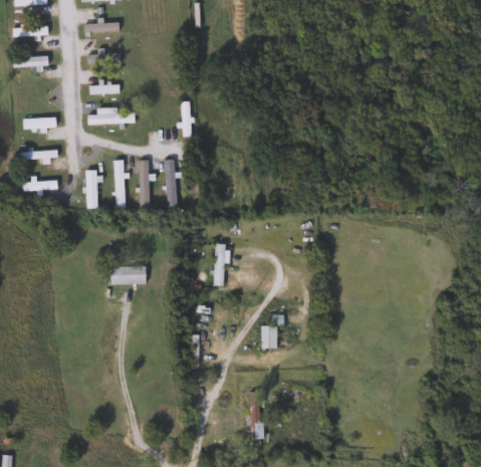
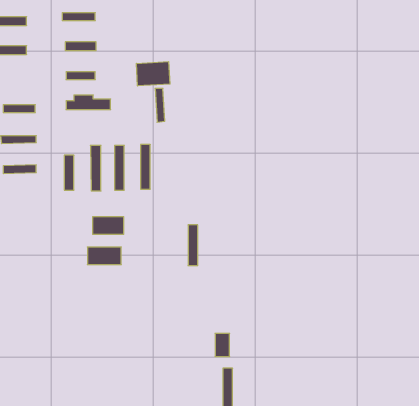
building: none -> [136,62,170,86]
building: none -> [93,217,124,234]
building: [261,324,276,348] -> [215,333,230,357]

